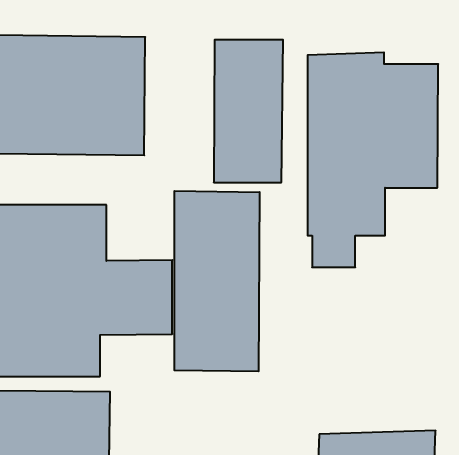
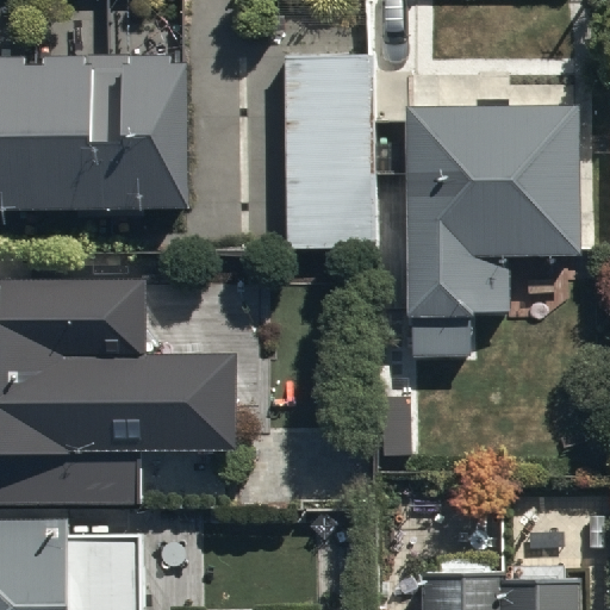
building: [174,191,260,371] -> none

